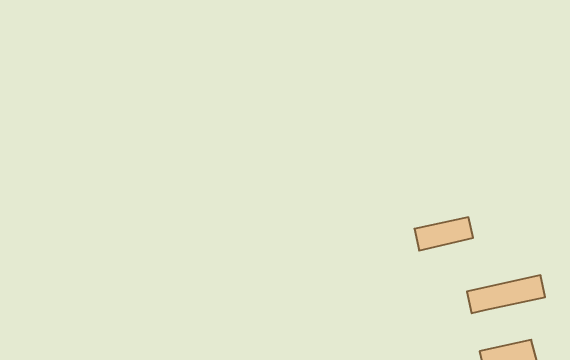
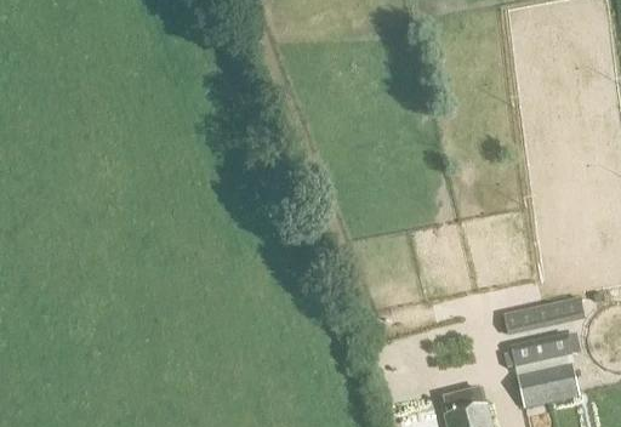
building: [414,217,473,251] -> [511,330,572,365]

